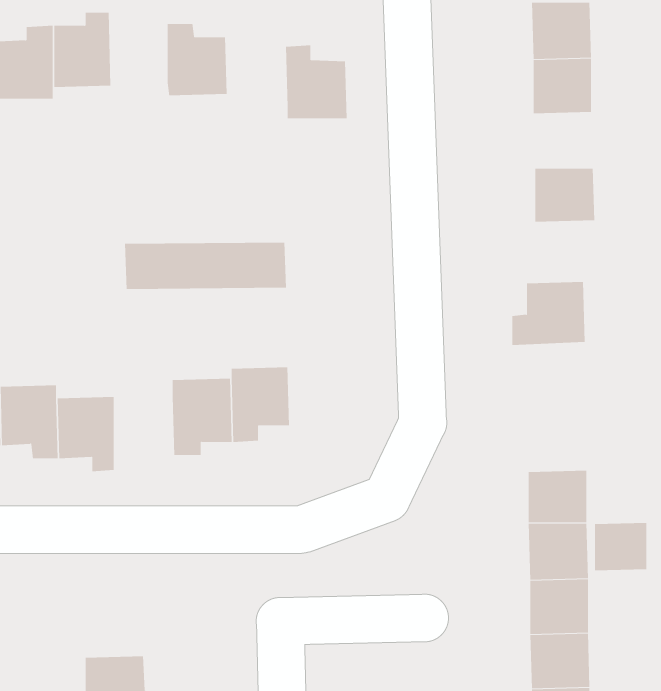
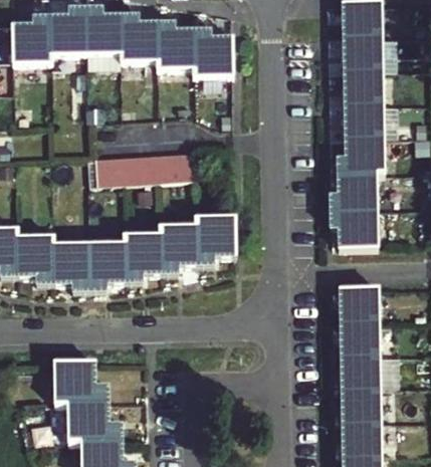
building: none -> [84,8,120,54]
building: none -> [156,23,193,68]
building: none -> [344,70,381,104]
building: none -> [340,137,382,175]
building: none -> [331,211,377,248]
building: none -> [194,218,233,262]
building: none -> [87,244,124,289]
building: [594,522,647,571] -> none
building: none -> [55,363,105,404]

